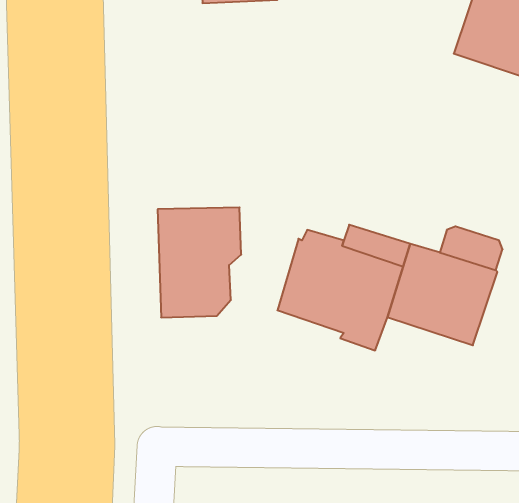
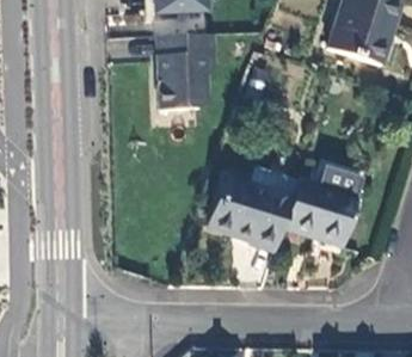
building: [158,207,241,317] -> [158,36,215,111]

